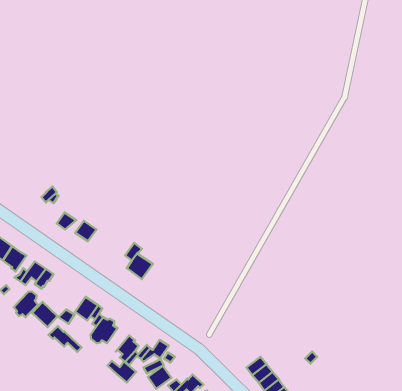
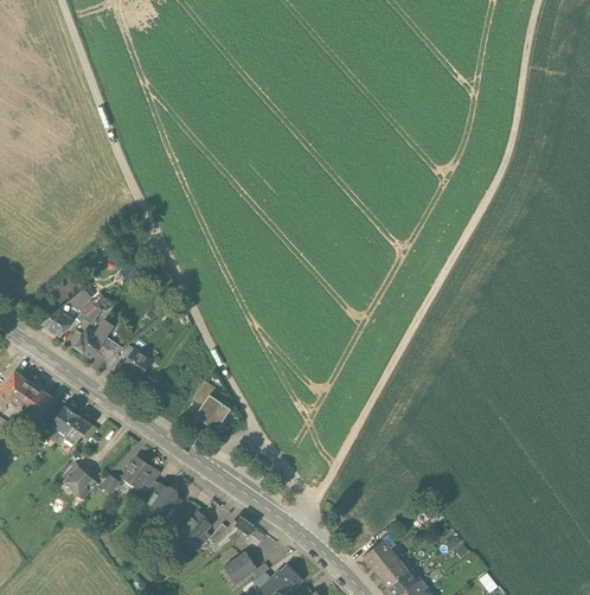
building: none -> [41,288,89,335]
building: none -> [75,320,114,358]
building: [14,292,38,317] -> none
building: [49,326,81,352] -> none
building: [108,361,136,382] -> none

